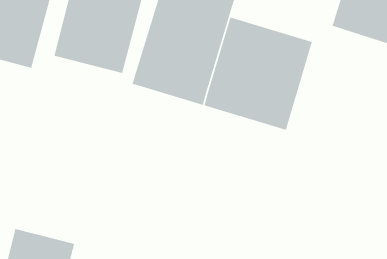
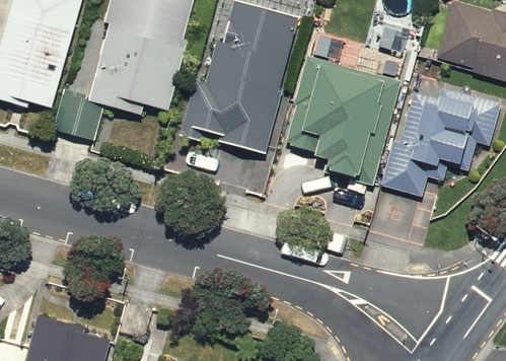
building: none -> [378,81,497,196]

